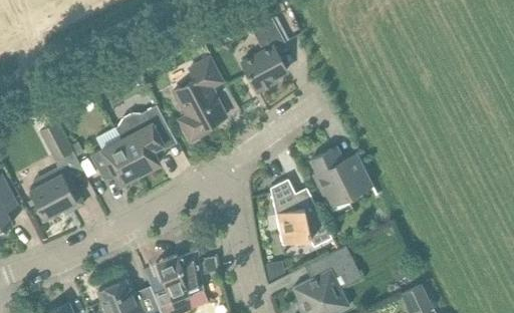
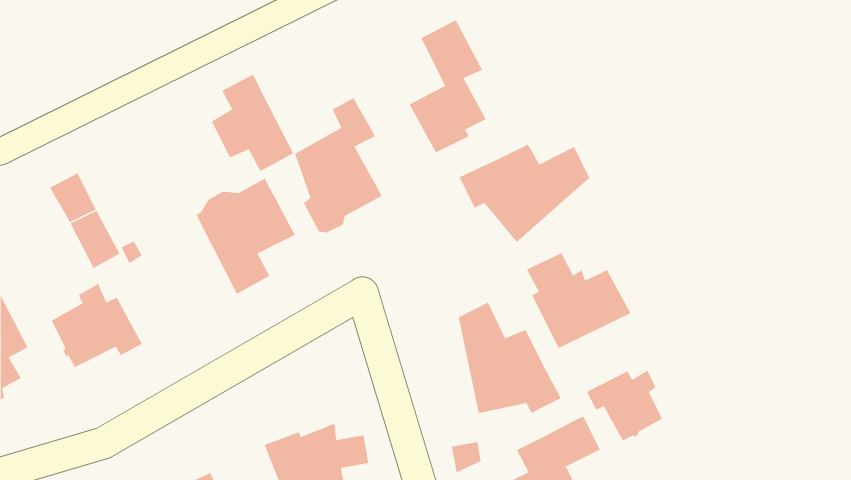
building: none -> [458,144,590,243]
building: [90,128,140,187] -> [211,73,294,172]
building: none -> [586,370,663,441]

